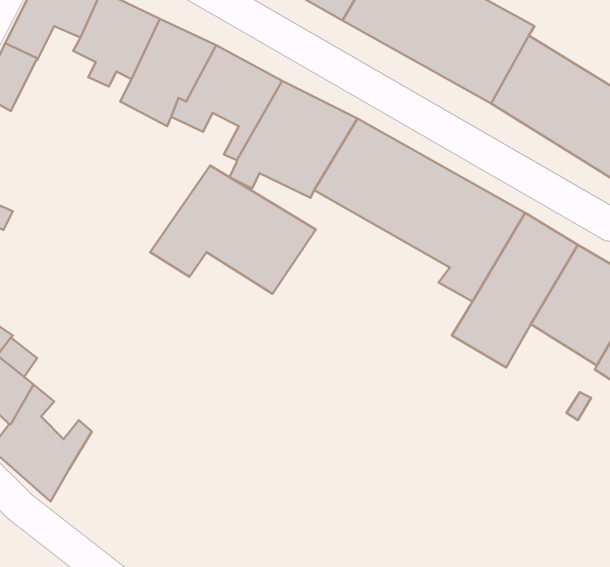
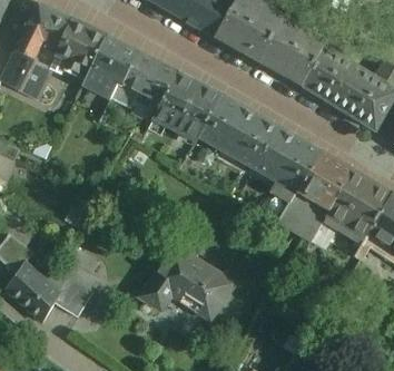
building: none -> [18,59,51,100]
building: [150,165,316,294] -> [138,245,236,321]
building: none -> [52,261,99,319]

